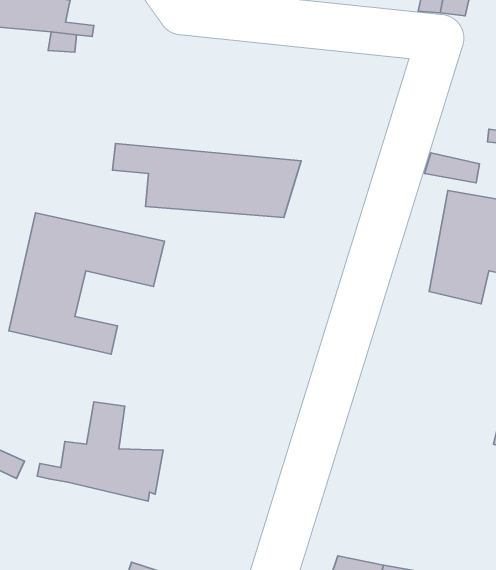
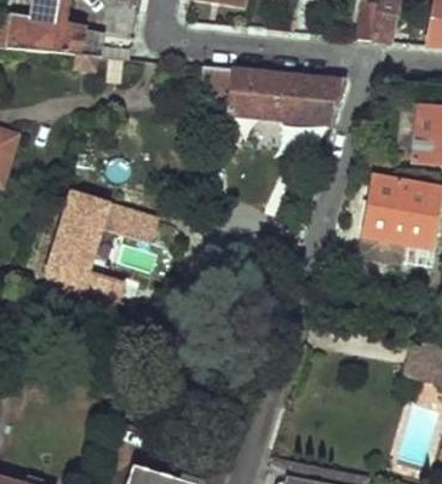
building: [112,144,301,217] -> [203,65,349,122]
building: [37,402,163,501] -> none

